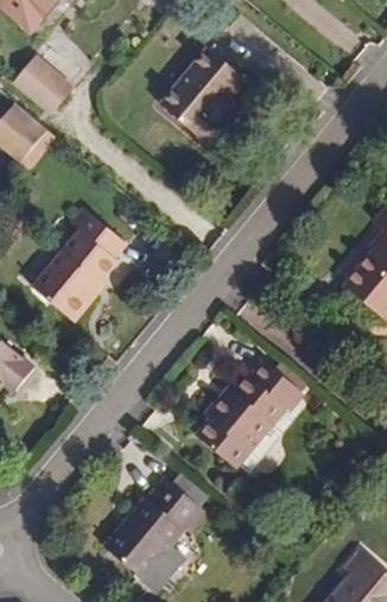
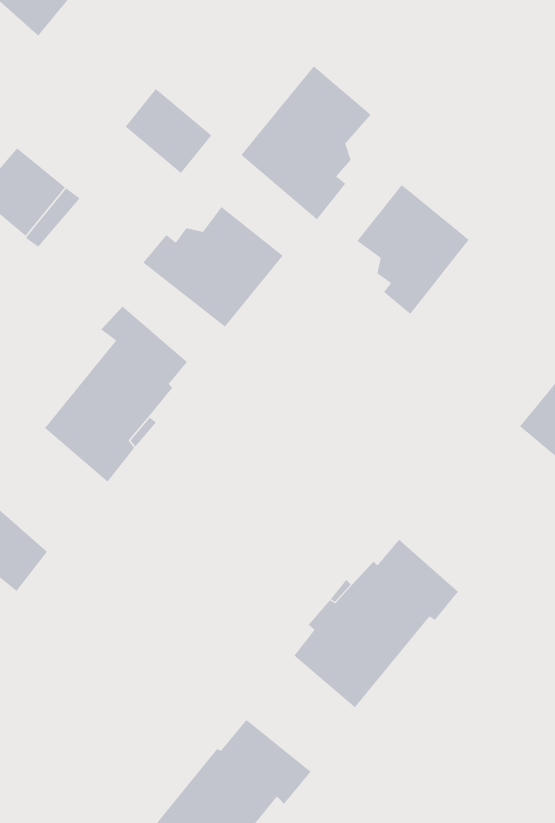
building: [15,57,72,113] -> [125,88,212,174]
building: none -> [357,184,469,315]
building: none -> [142,206,283,328]

